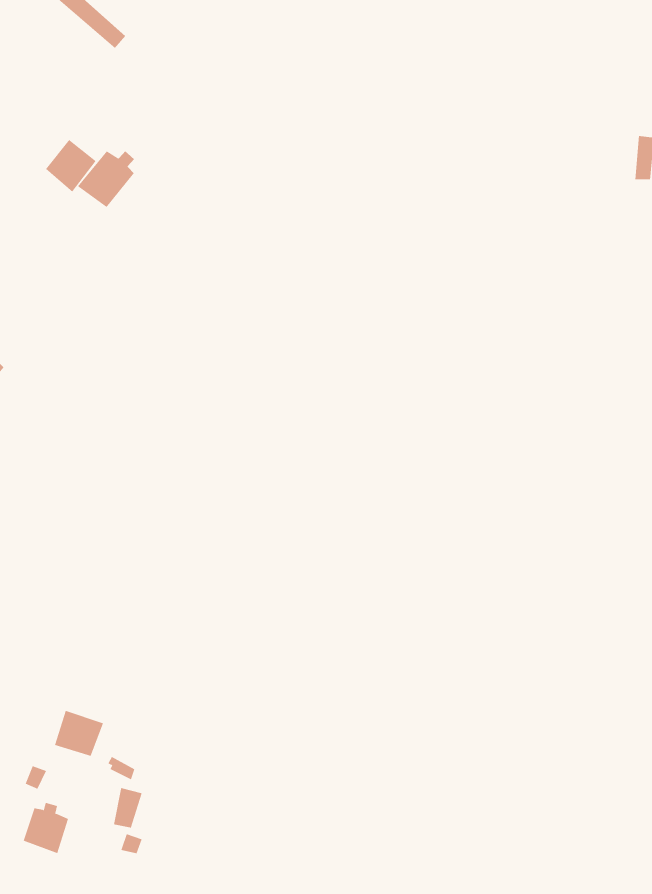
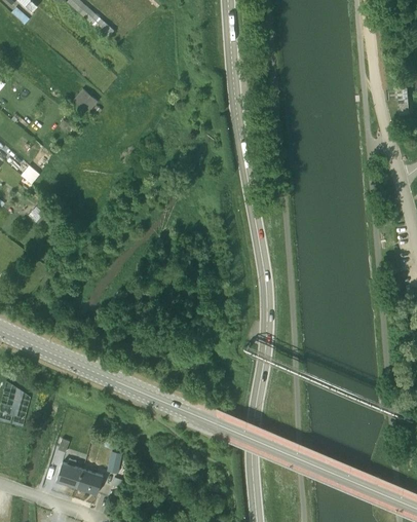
building: [77,150,135,208] -> none
building: [54,710,104,756] -> [75,469,103,494]

